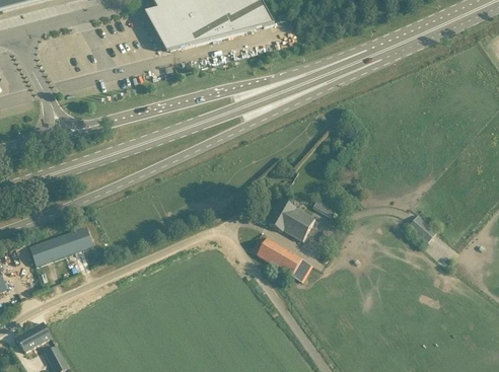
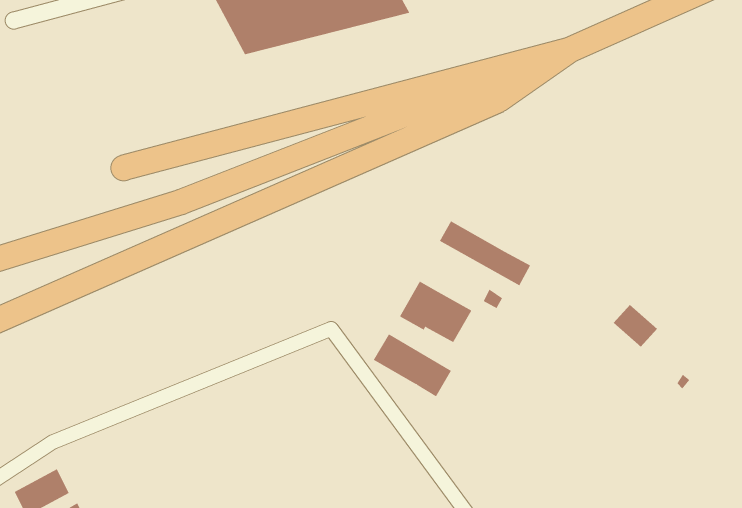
building: none -> [439,220,531,286]
building: [28,225,92,264] -> none

